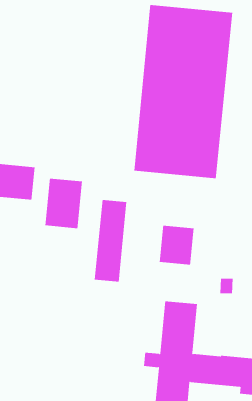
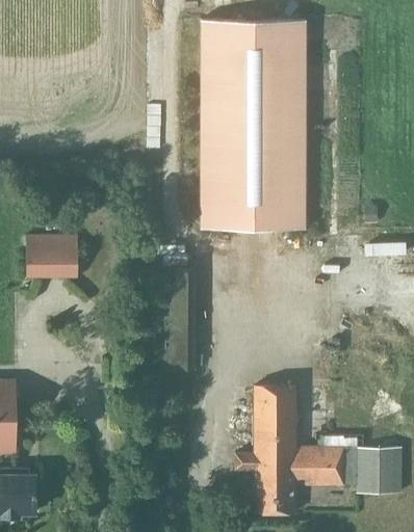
building: [45,178,82,229] -> none
building: [159,225,194,265] -> none

